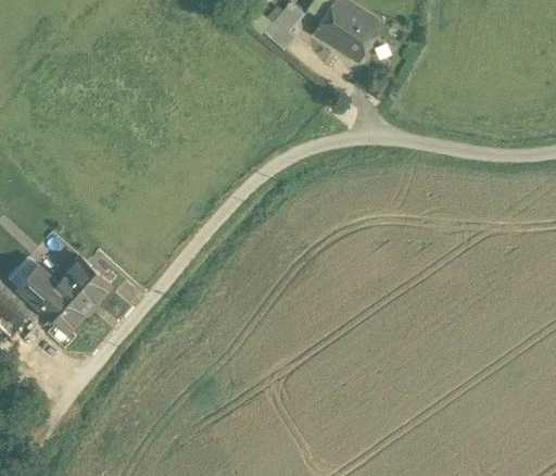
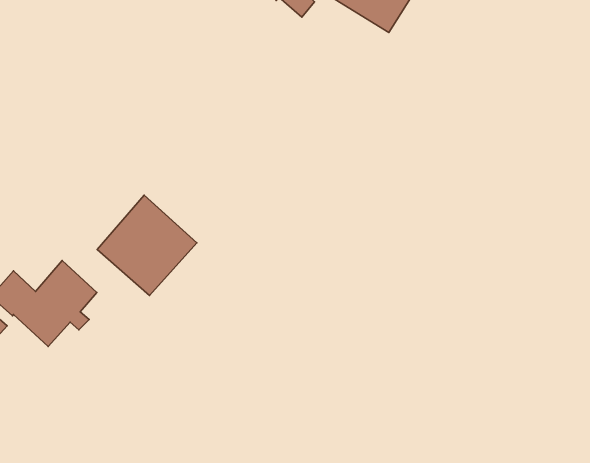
building: none -> [97,195,197,295]

